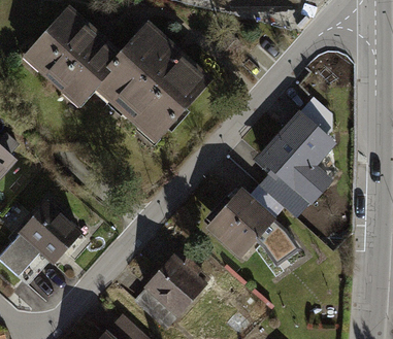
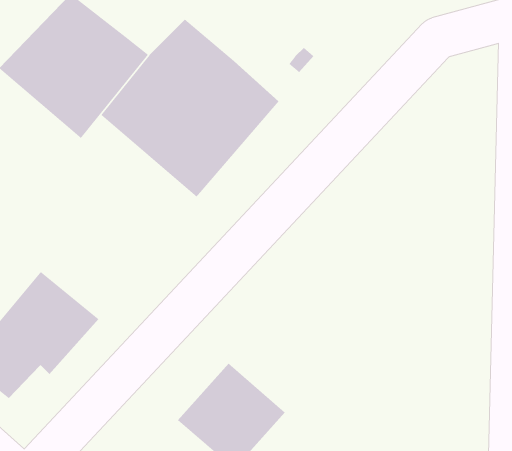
building: [249,104,339,216] -> none
building: [211,183,281,252] -> none

